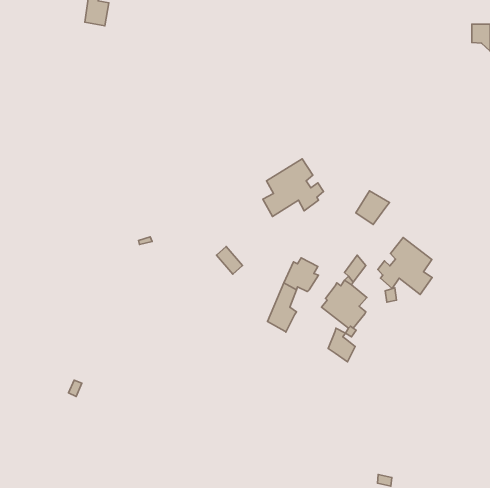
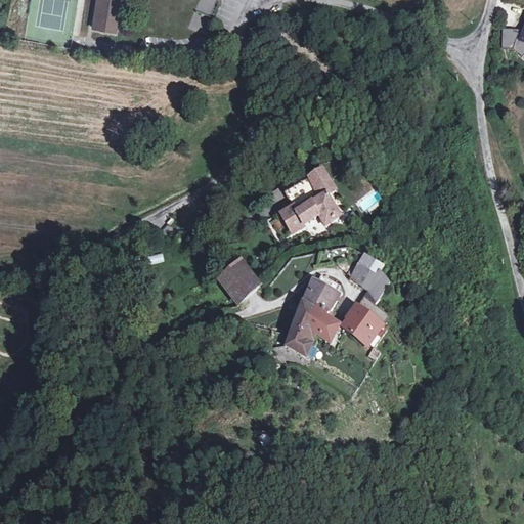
building: [356,191,390,225] -> [348,254,384,290]
building: [378,237,432,295] -> none
building: none -> [219,271,248,301]
building: [328,328,355,362] -> [308,305,337,341]

